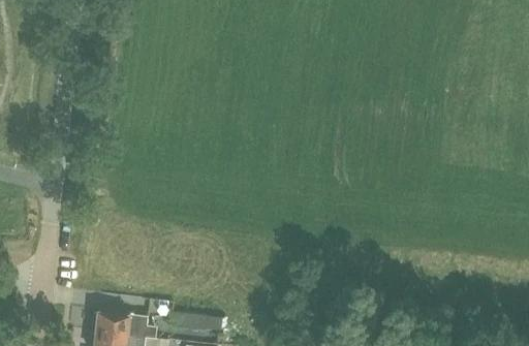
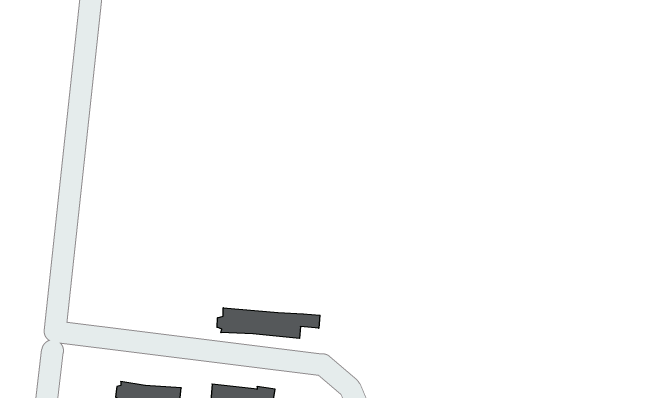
building: none -> [217,308,320,338]

